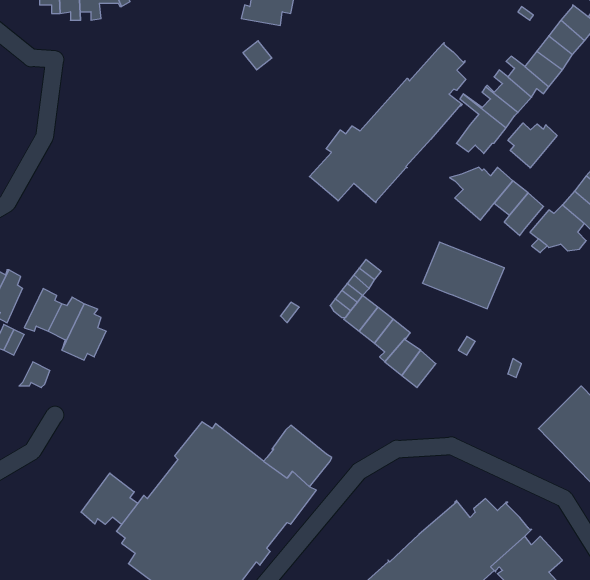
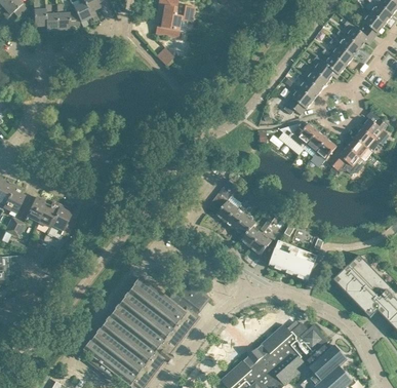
building: [309,43,466,203] -> none
building: [508,123,557,168] -> none
building: [422,242,504,309] -> [269,240,318,280]
building: [81,473,138,525] -> none

